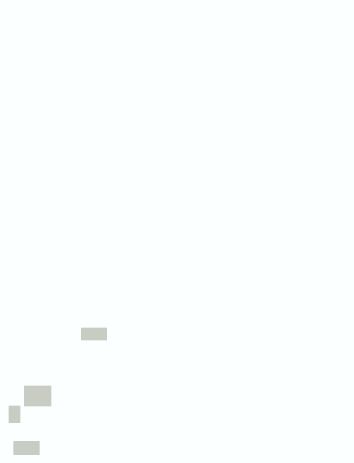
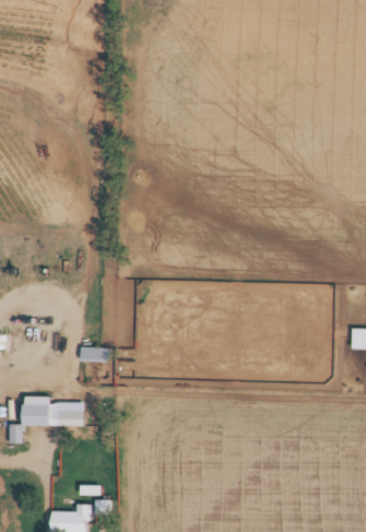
building: [13,440,40,456] -> [57,410,84,425]

